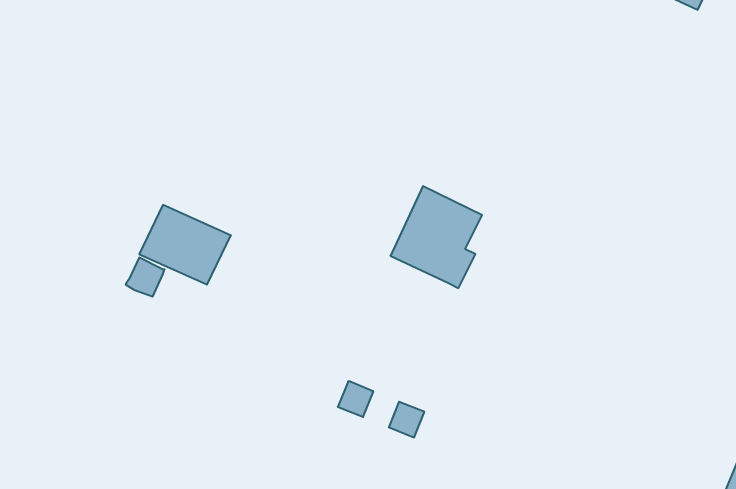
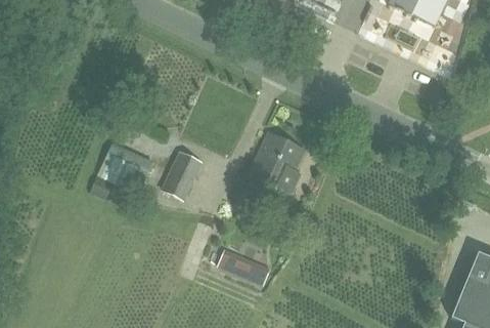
building: none -> [163,152,201,198]

